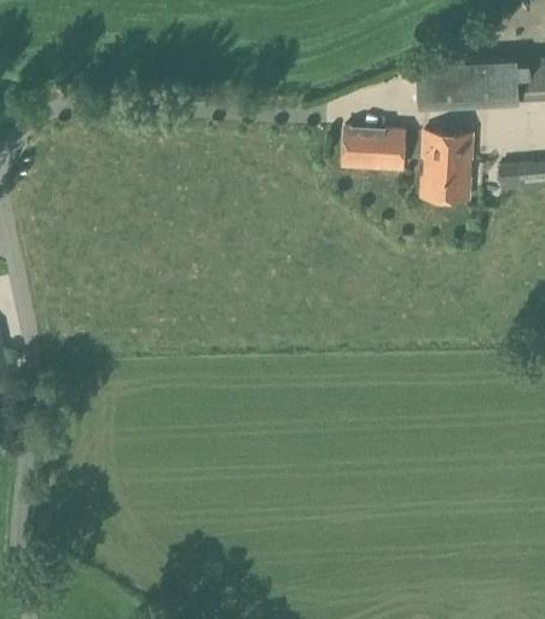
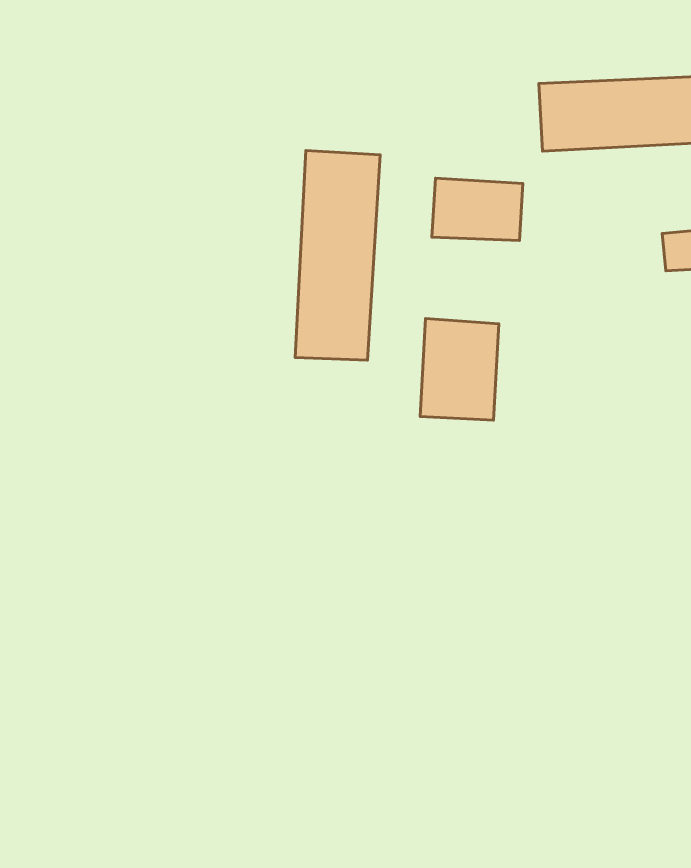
building: none -> [295,150,380,360]
building: [419,132,472,201] -> [420,318,499,420]

